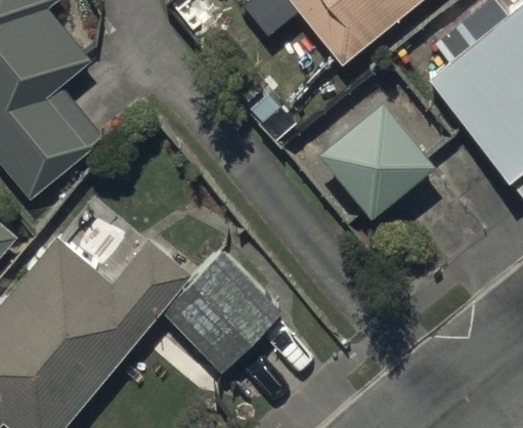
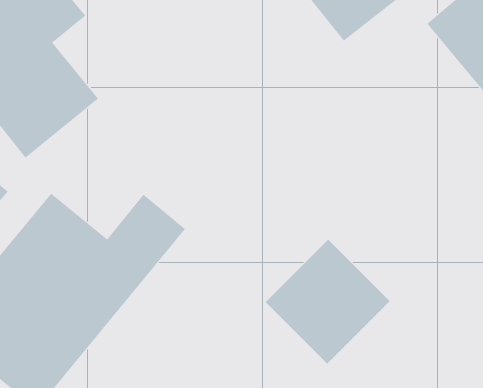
building: [331,127,445,242] -> none
building: [160,247,284,371] -> [265,239,390,364]

